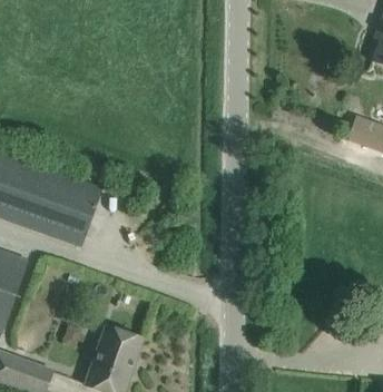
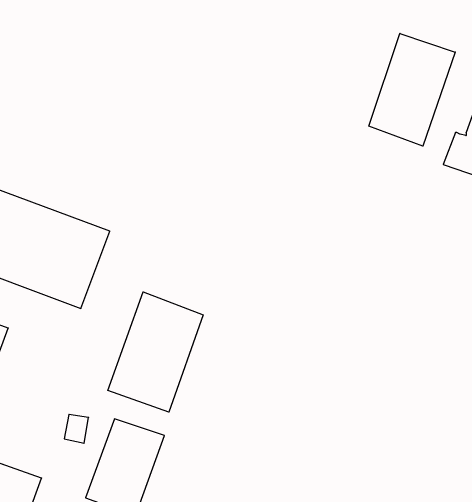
building: none -> [369,33,455,146]
building: none -> [108,292,203,412]

